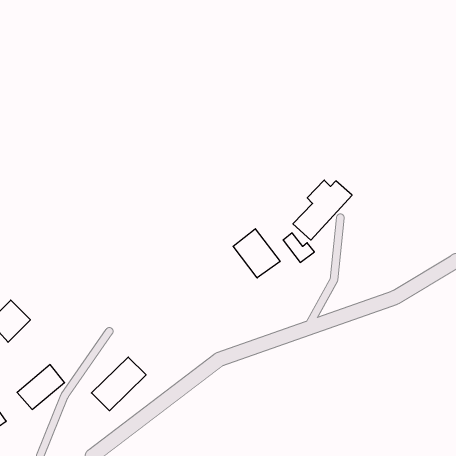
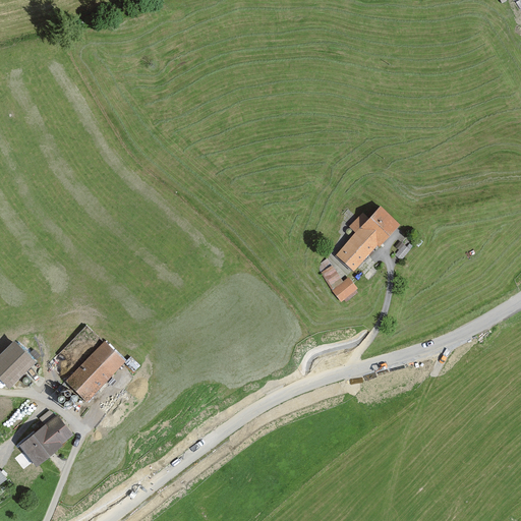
building: [233,229,280,278] -> none
building: [91,357,146,411] -> [63,341,125,402]

